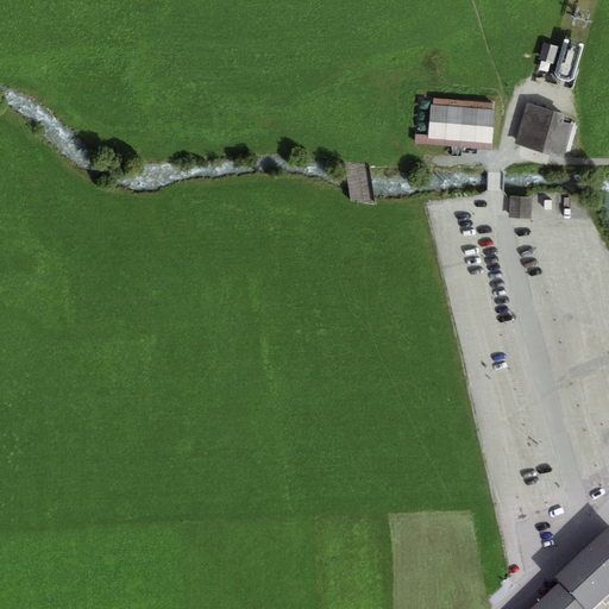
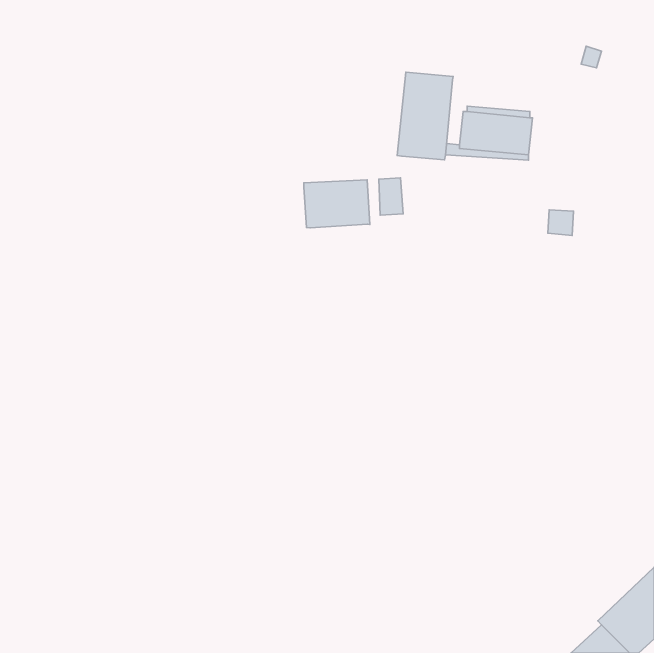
building: none -> [397,72,453,160]
building: [515,102,572,153] -> none
building: none -> [304,180,370,228]

